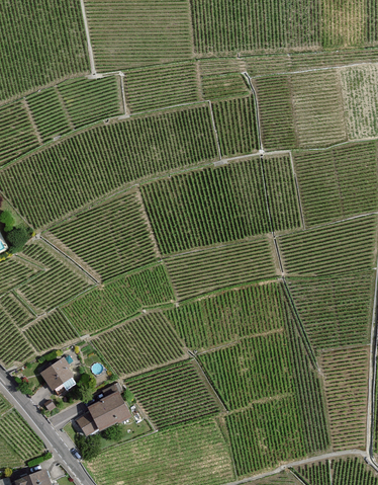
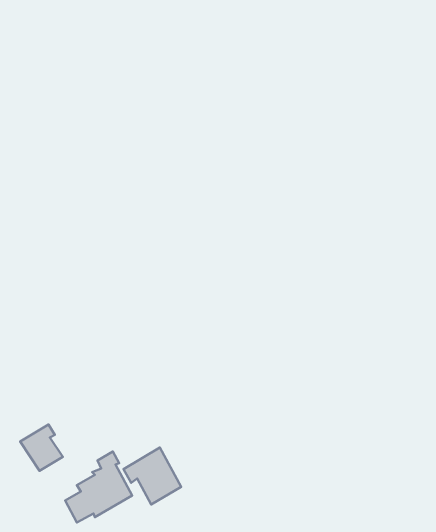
building: none -> [123,447,181,504]

